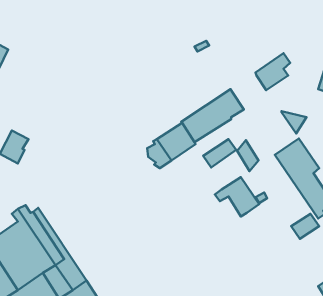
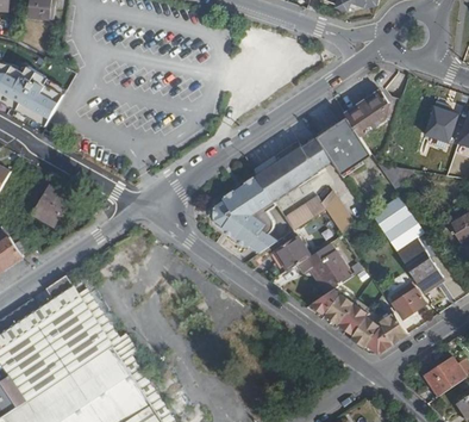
building: none -> [318,117,369,169]
building: none -> [229,201,276,250]
building: none -> [269,237,305,273]
building: none -> [304,286,406,353]

